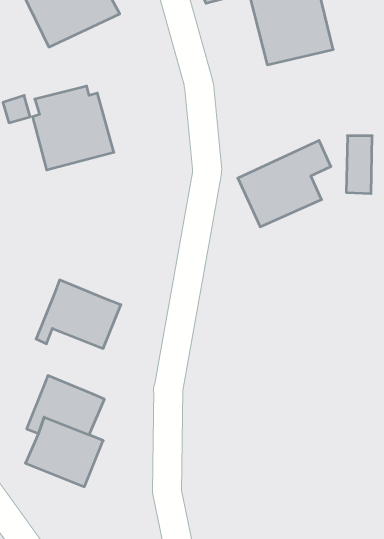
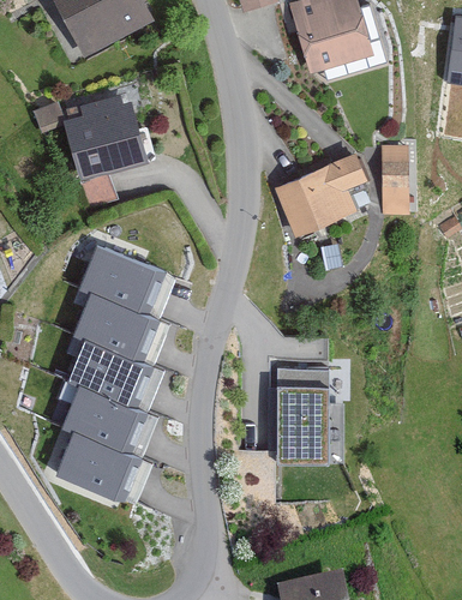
building: none -> [74,245,158,311]
building: none -> [65,340,145,407]
building: none -> [278,365,331,466]

